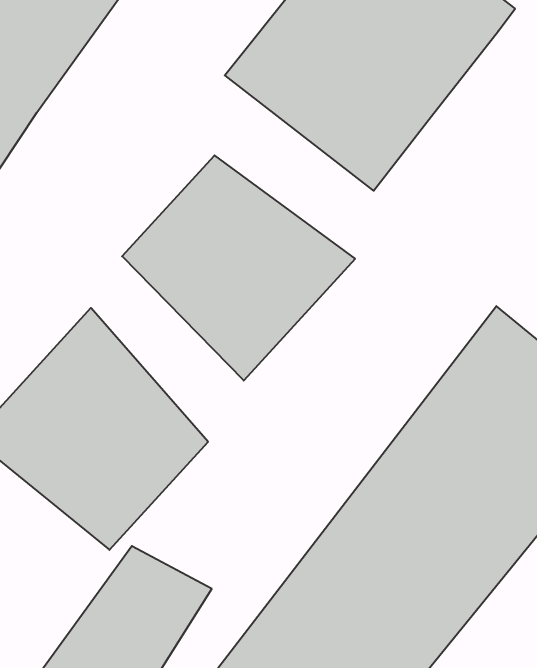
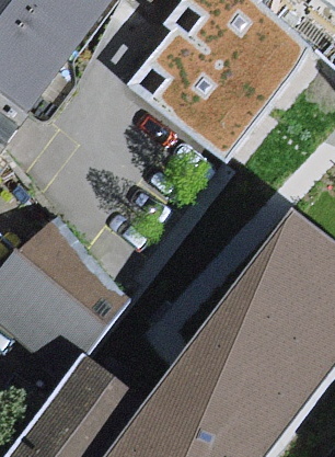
building: [122,155,355,381] -> none

